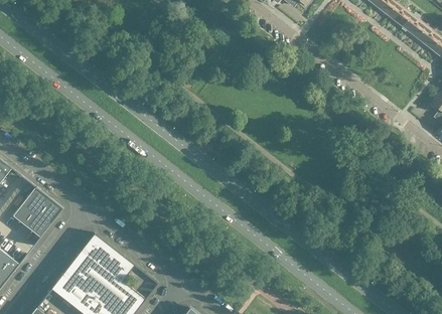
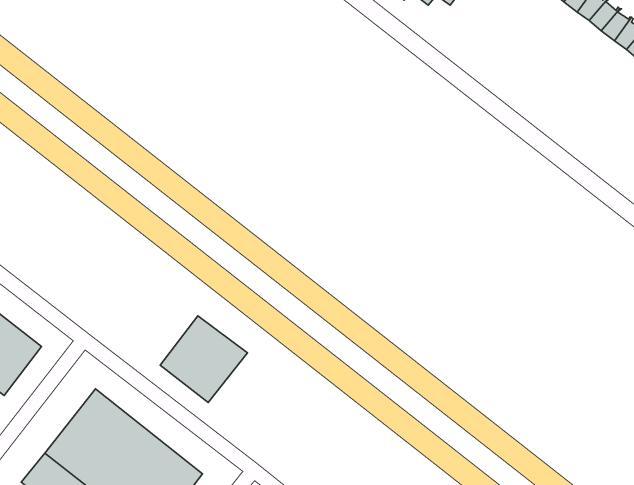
building: none -> [160,316,247,403]

